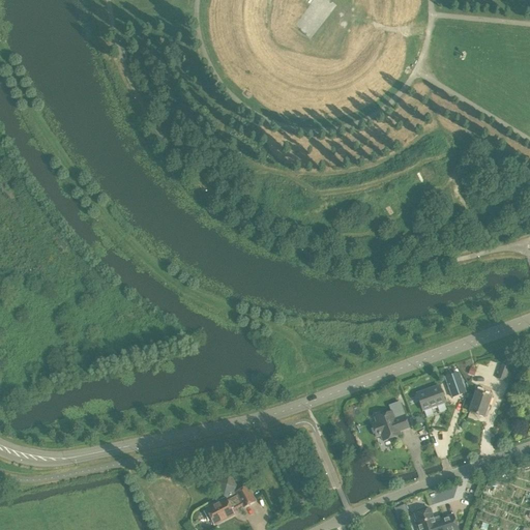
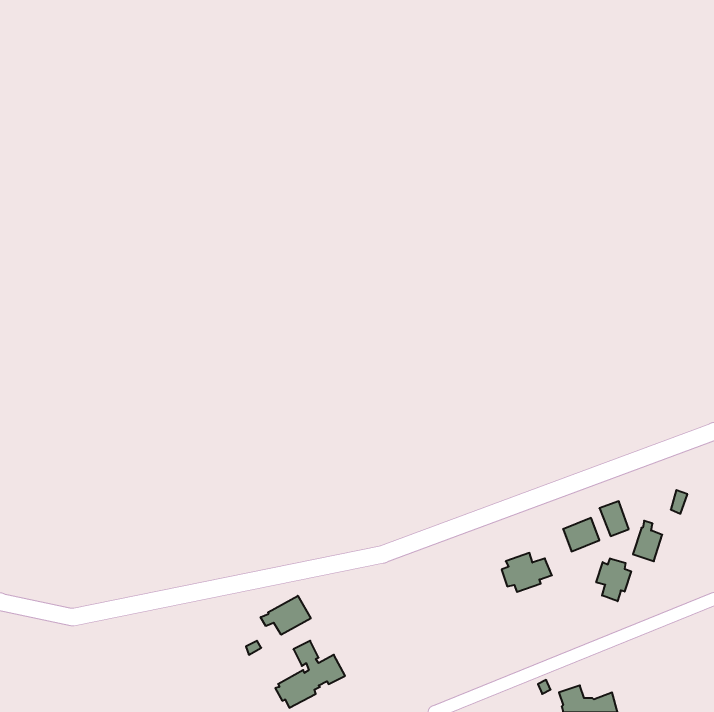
building: none -> [596,558,631,601]
building: none -> [261,596,311,635]

